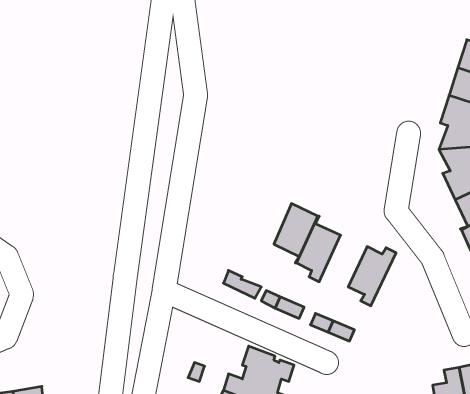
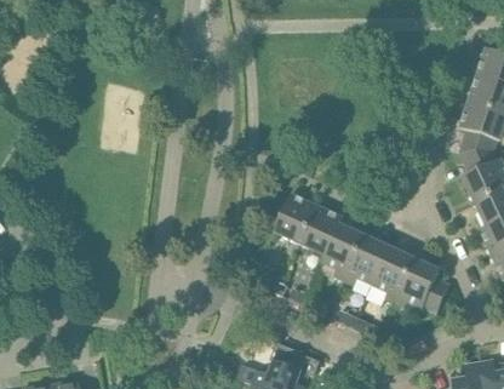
building: none -> [275,194,317,244]
building: none -> [344,235,390,285]
building: none -> [394,252,449,313]

